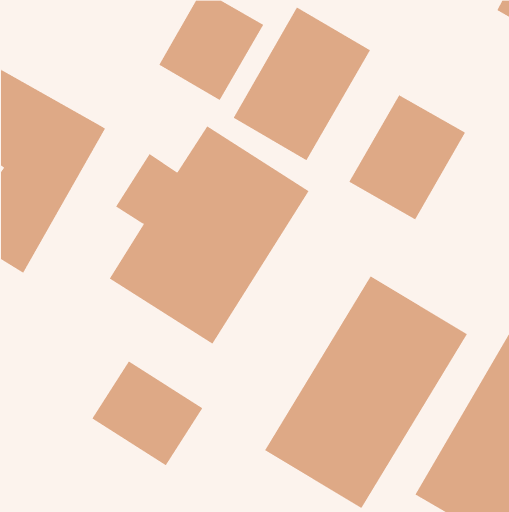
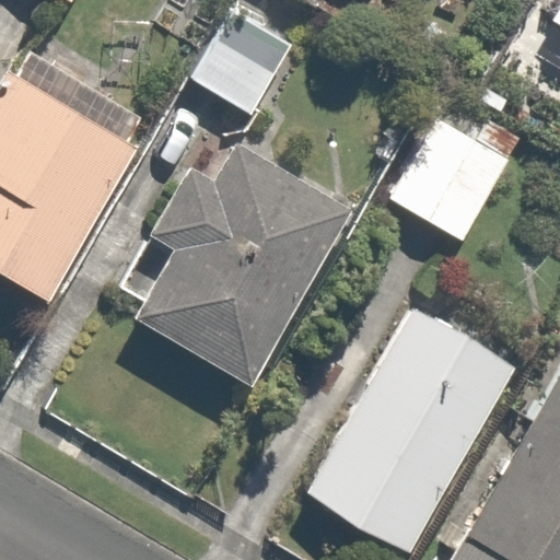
building: [233,7,371,161] -> none
building: [91,361,203,466] -> none

